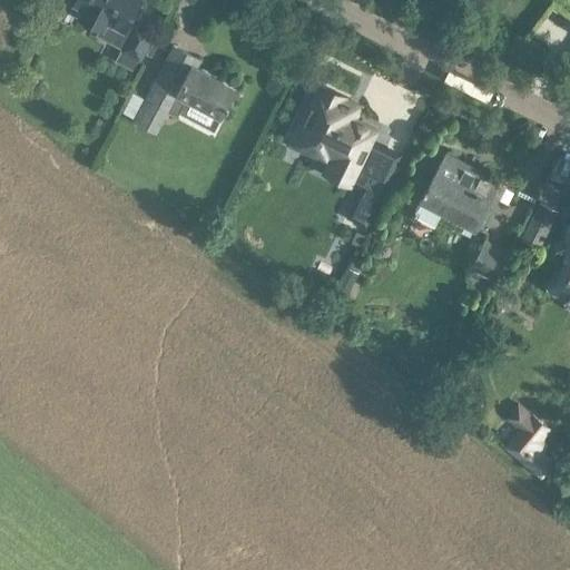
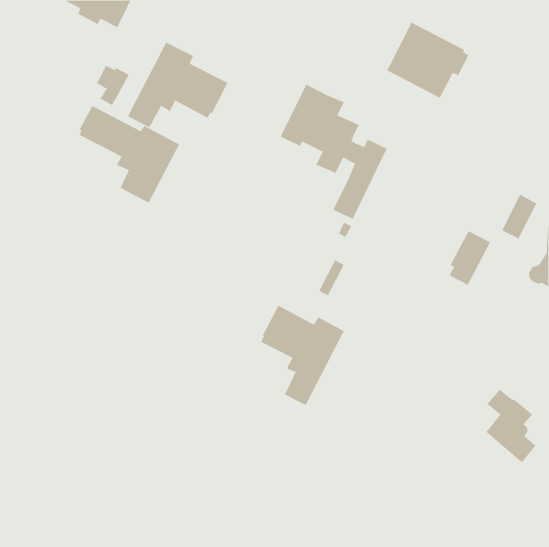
building: [115,27,149,69] -> [96,65,130,106]
building: none -> [79,105,180,203]
building: [419,155,504,234] -> [386,22,469,98]
building: none -> [261,305,344,406]

